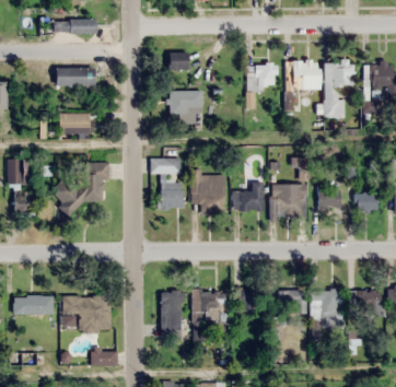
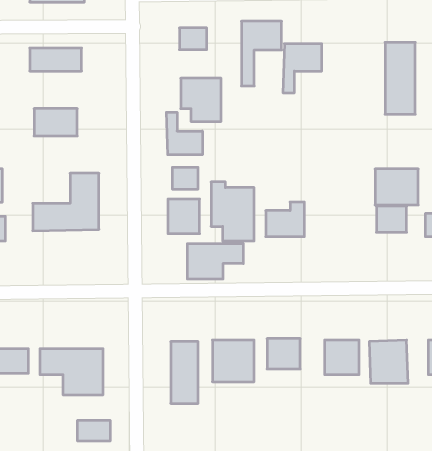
building: [286,61,316,110] -> [241,21,282,86]
building: none -> [166,112,202,155]
building: [273,185,306,212] -> [375,169,418,205]
building: none -> [187,244,243,279]

